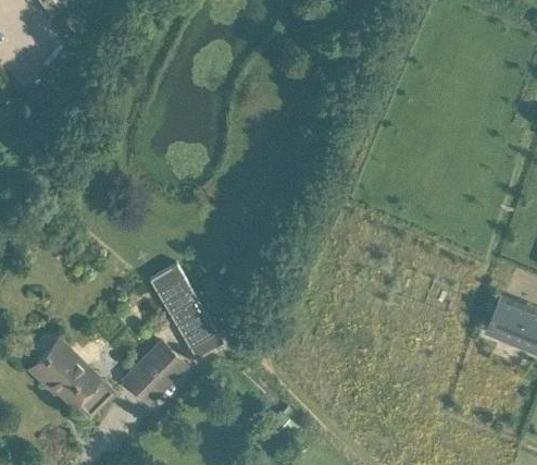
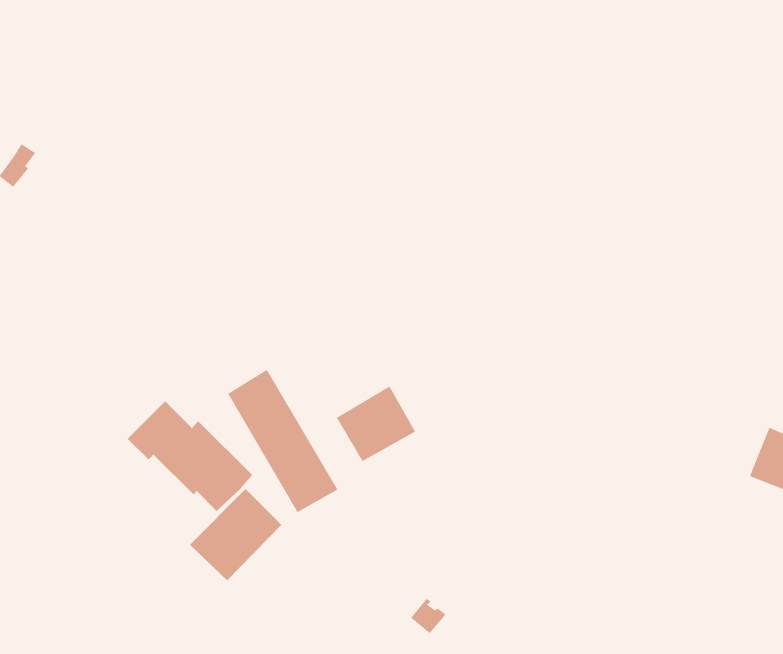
building: none -> [336,386,416,462]
building: [30,343,113,416] -> [127,401,253,512]

